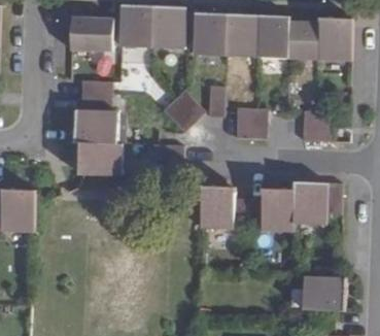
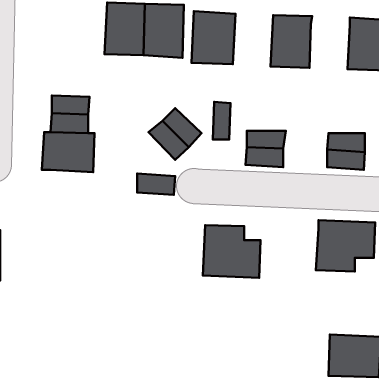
building: [226,13,258,57] -> none
building: [71,16,112,51] -> none
building: [288,22,321,59] -> none
building: [74,141,117,176] -> none
building: [247,188,296,231] -> none

